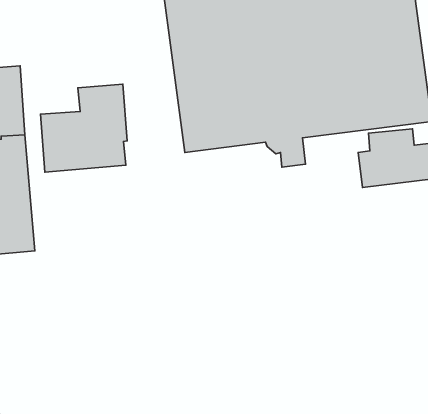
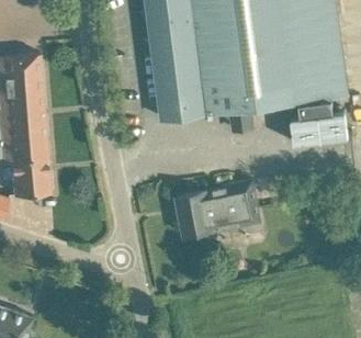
building: [40,84,127,172] -> none
building: none -> [177,183,260,237]

